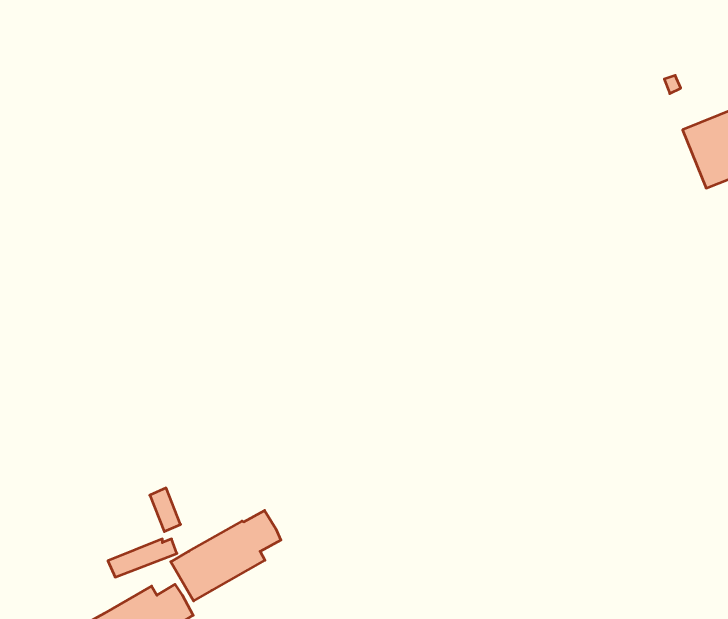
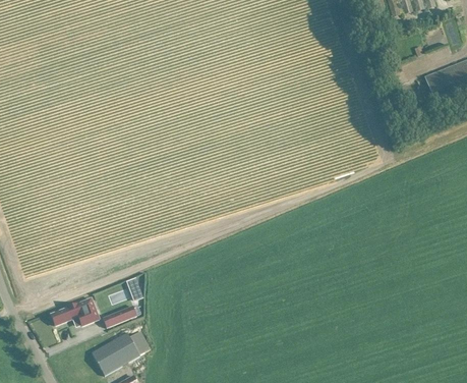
building: [171,510,281,601] -> none
building: none -> [52,298,99,326]

